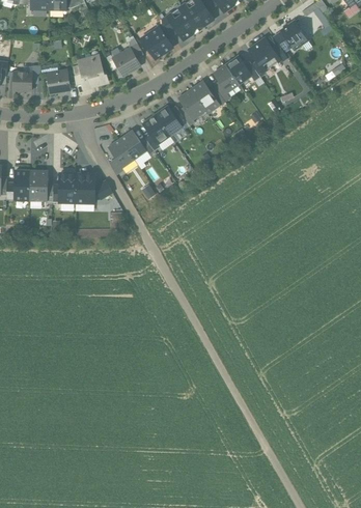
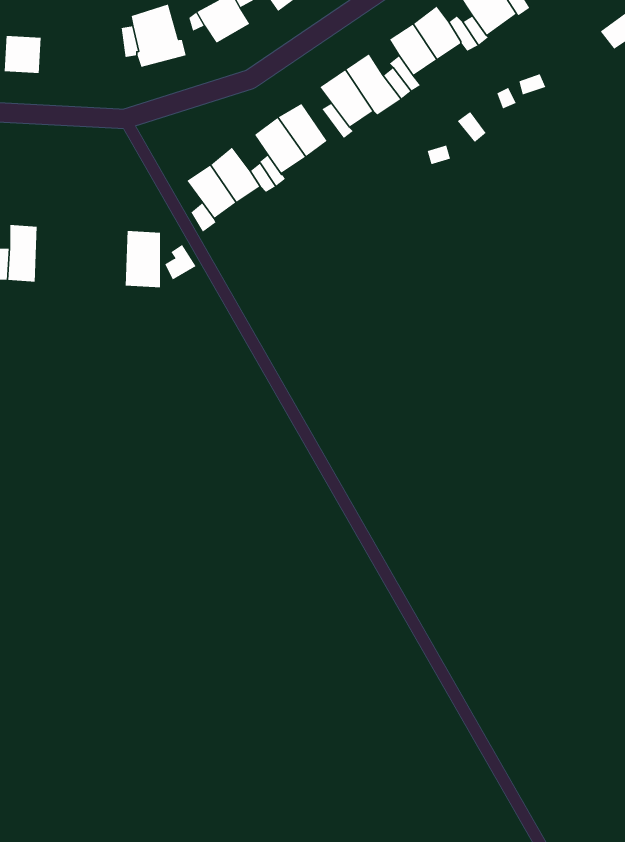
building: [47,69,71,93] -> none
building: [29,171,47,200] -> none
building: [59,173,77,202] -> none

